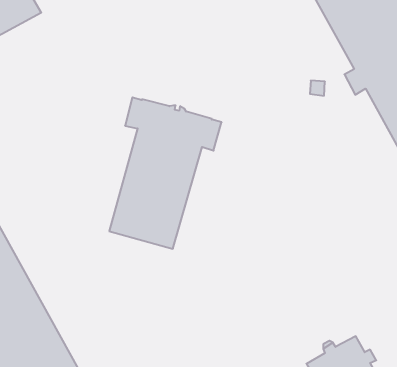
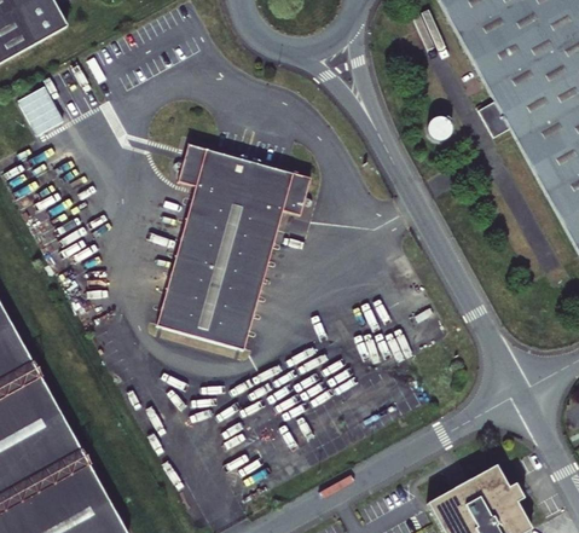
building: none -> [22,86,64,134]

